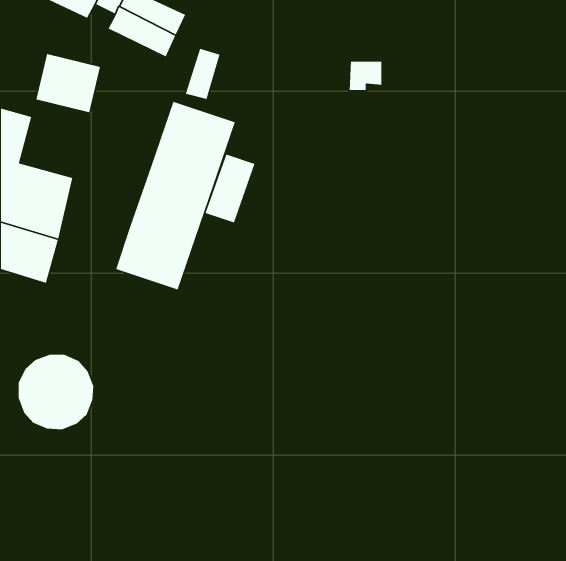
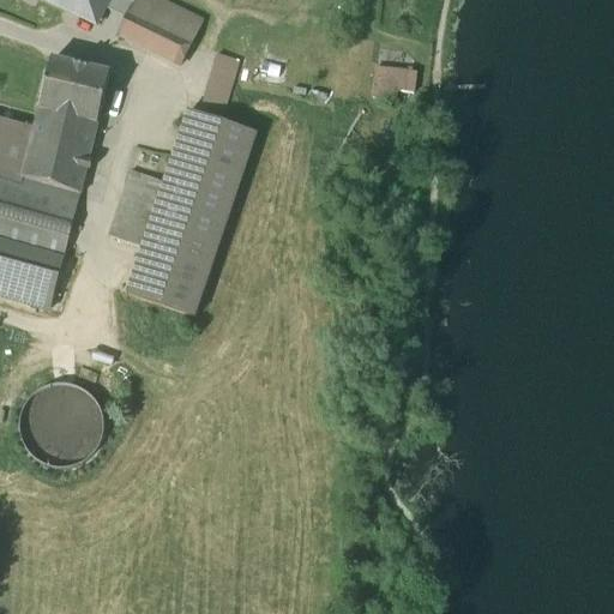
building: none -> [22,108,97,192]
building: [205,154,256,224] -> [108,169,163,245]

